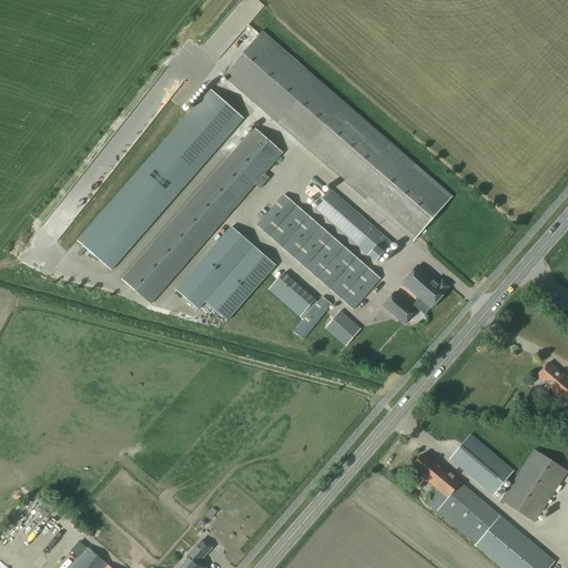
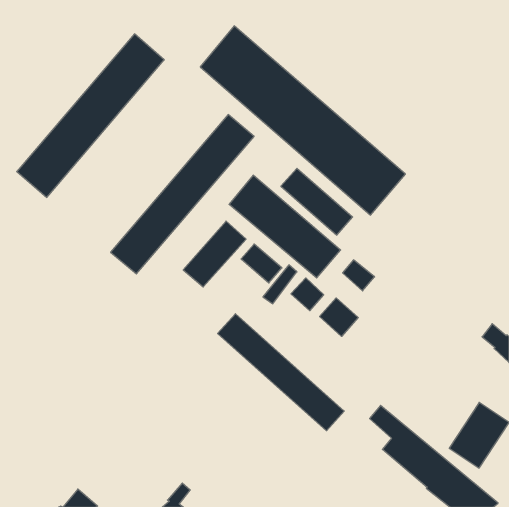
building: [79,89,243,271] -> [17,34,164,197]
building: [176,227,252,308] -> none
building: [402,264,449,306] -> none
building: none -> [320,298,358,336]
building: none -> [218,314,344,431]
building: [449,433,514,495] -> none

